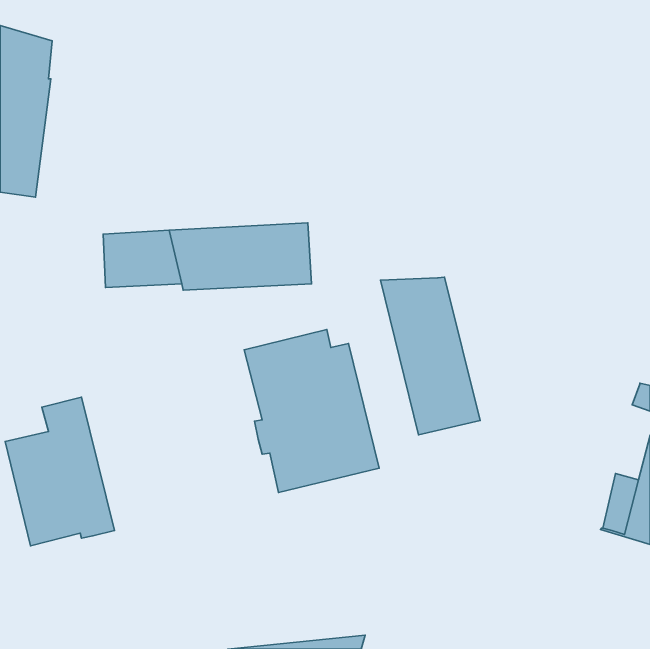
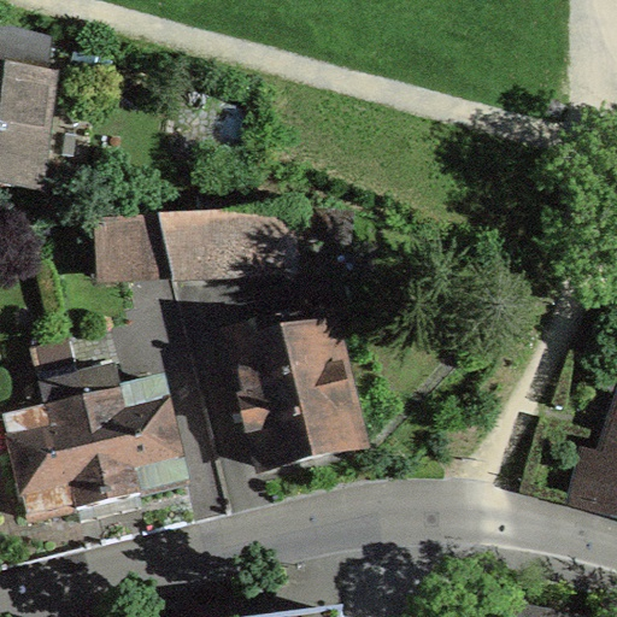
building: [380,277,480,435] -> none
building: none -> [77,368,186,503]

